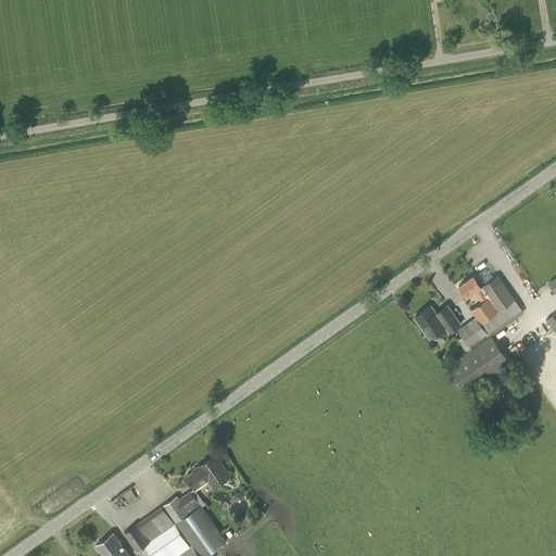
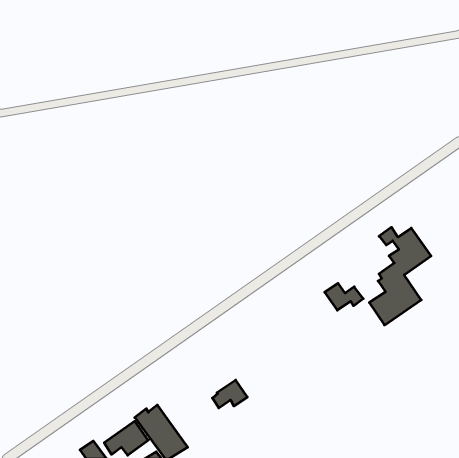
building: [414,306,460,339] -> [325,283,363,310]
building: [187,456,229,490] -> [212,380,247,408]

